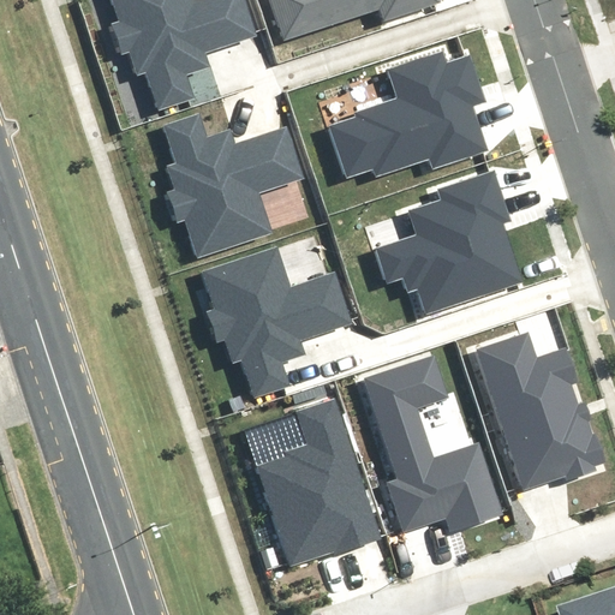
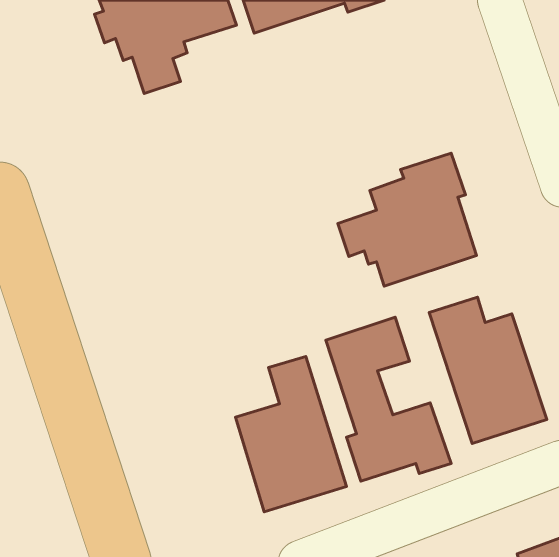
building: [330,49,490,175] -> none
building: [162,111,308,257] -> none
building: [199,246,357,398] -> none

